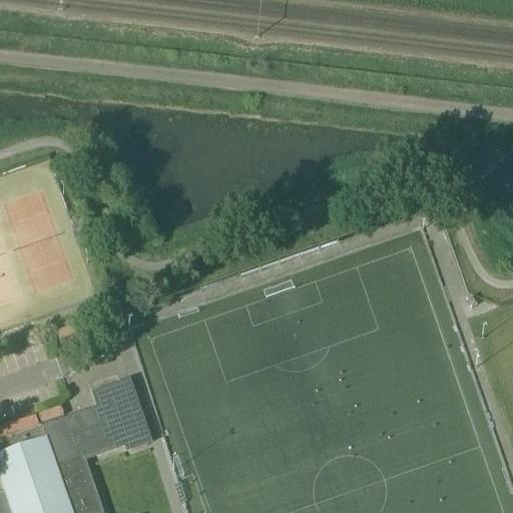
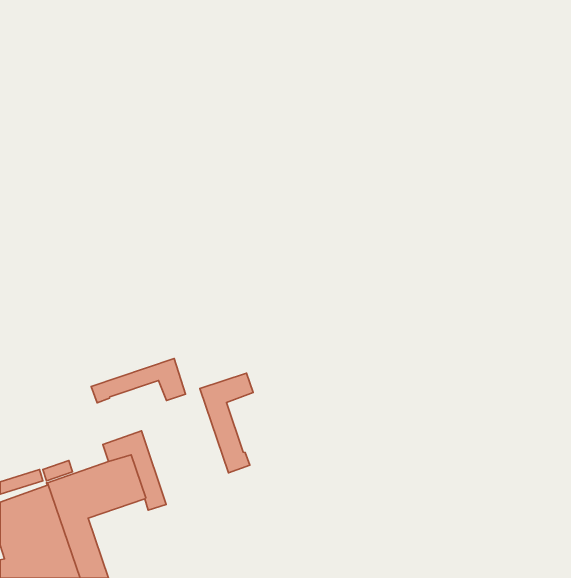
building: none -> [91,358,186,403]
building: none -> [200,373,253,473]

